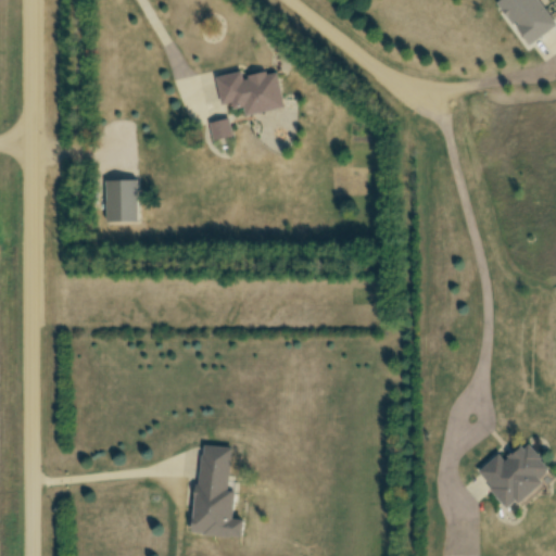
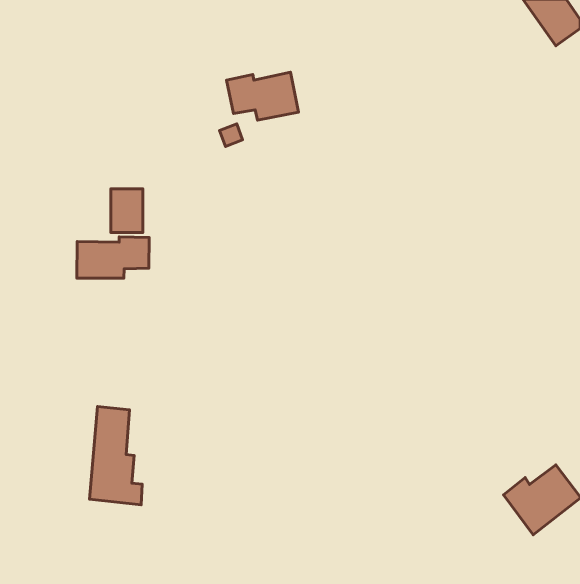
building: none -> [77,237,149,278]
building: [192,444,242,538] -> [90,406,142,505]

